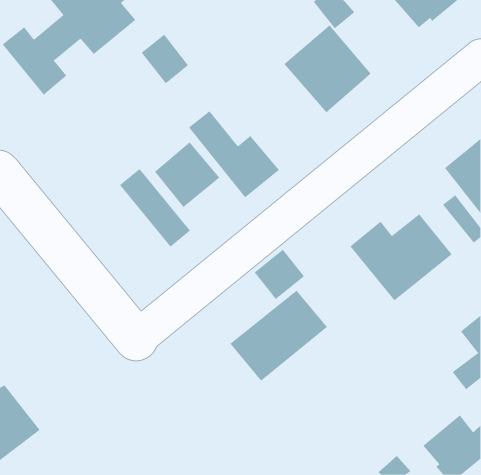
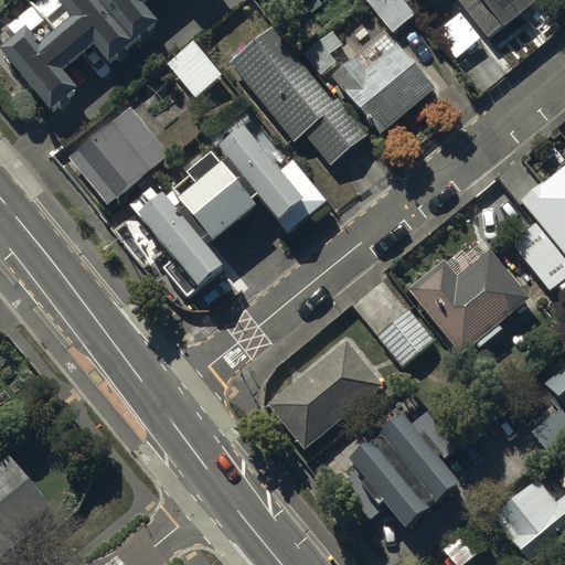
building: none -> [224,22,365,161]
building: none -> [70,105,169,201]
building: [254,249,305,300] -> [374,310,434,370]
building: none -> [351,424,461,539]

